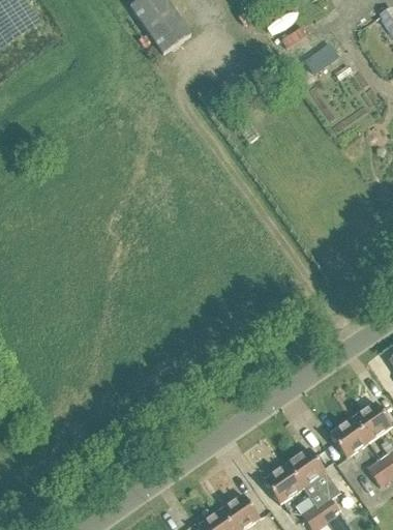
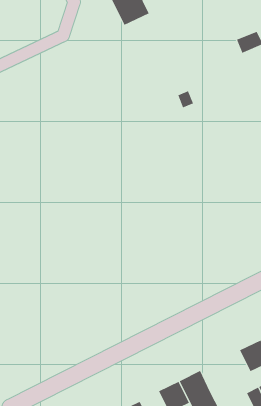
building: [330,417,369,458] -> none

